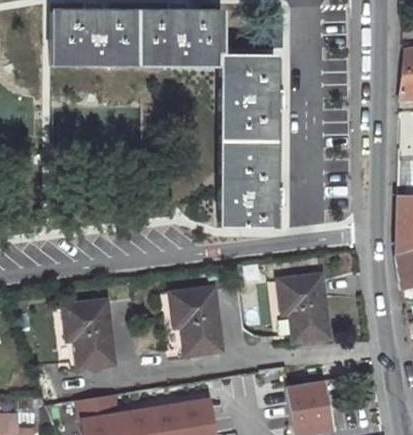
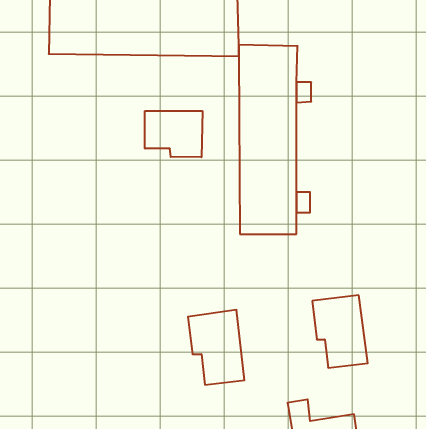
building: none -> [145,111,202,157]
building: [68,304,117,370] -> none

